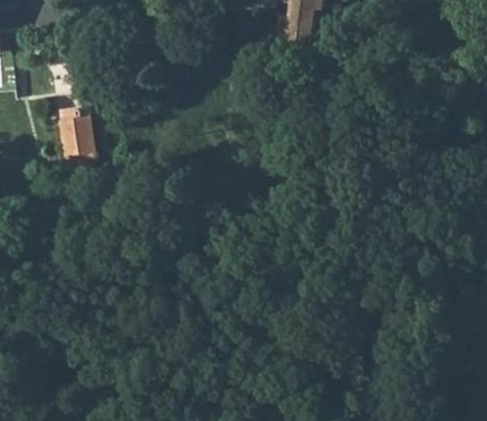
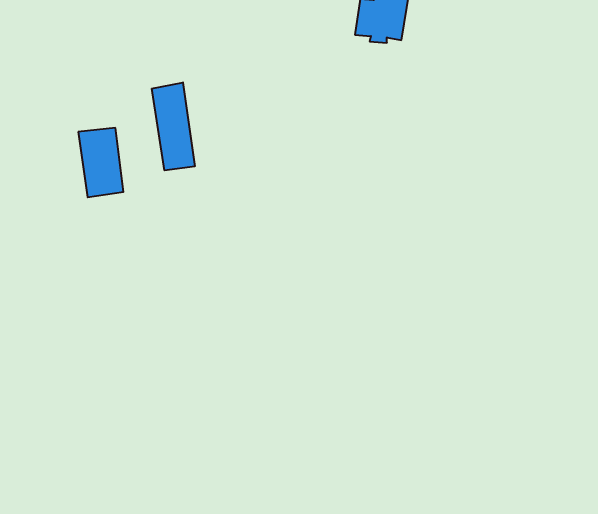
building: none -> [152,82,195,170]

